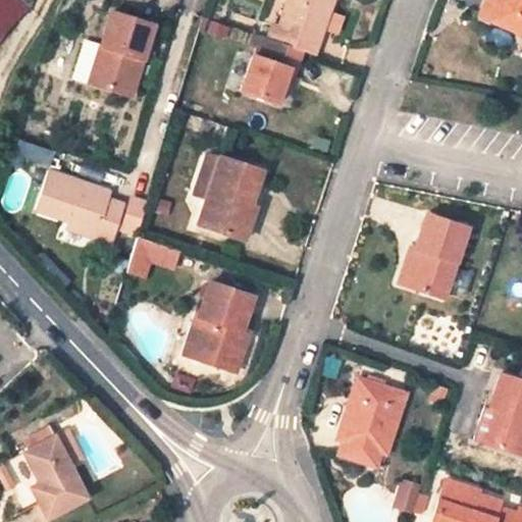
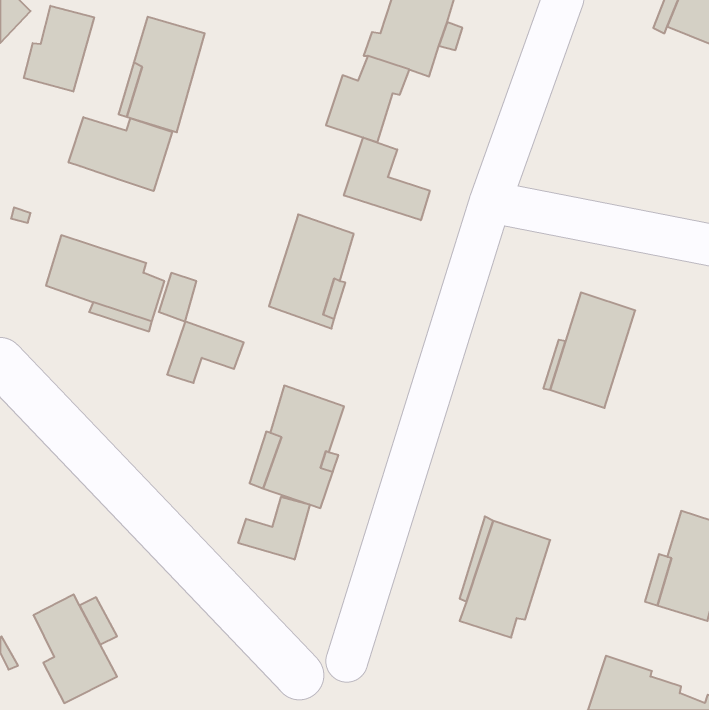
building: none -> [24,6,94,92]
building: none -> [69,117,172,191]
building: none -> [344,137,430,220]
building: none -> [238,497,310,560]
building: [394,477,427,513] -> none

